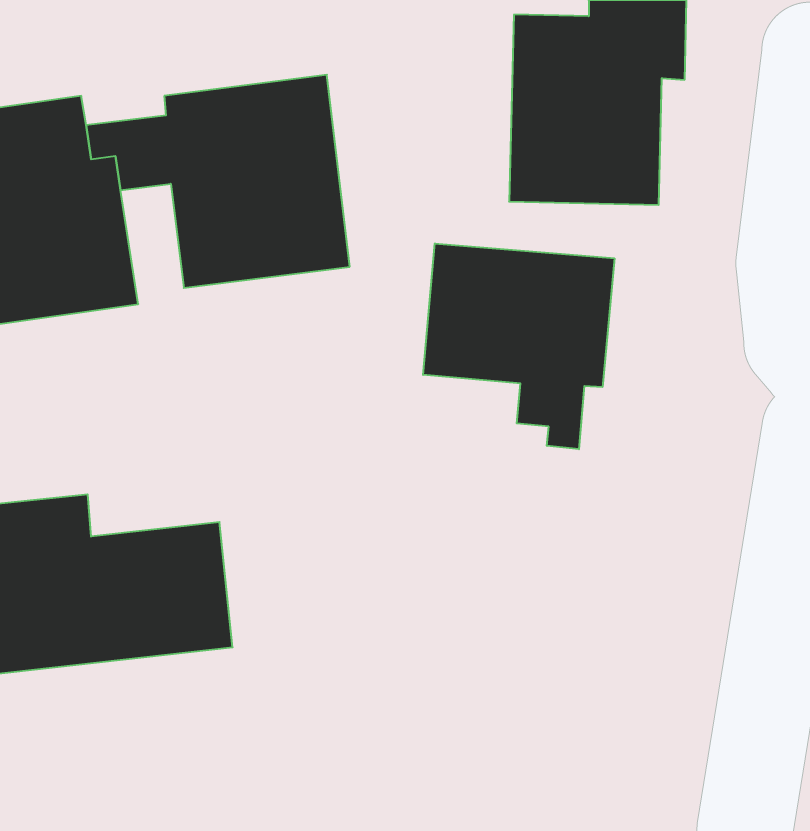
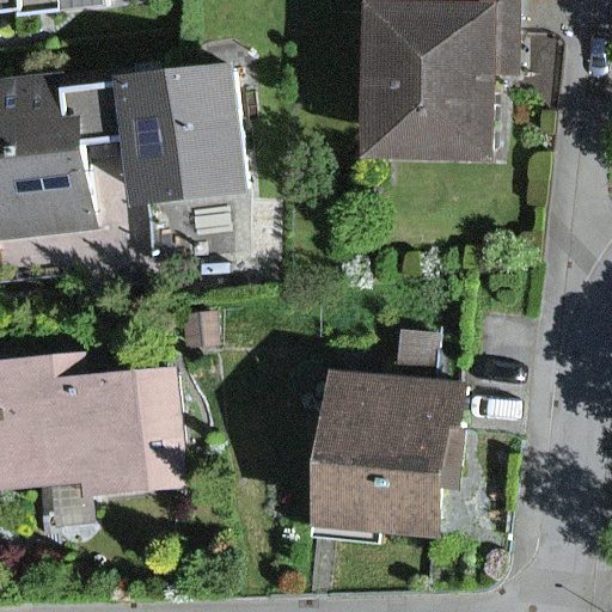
building: [423,243,614,449] -> none
building: none -> [308,387,451,544]

